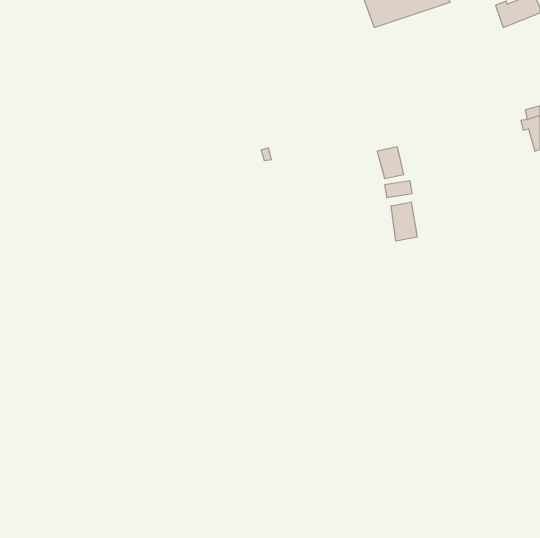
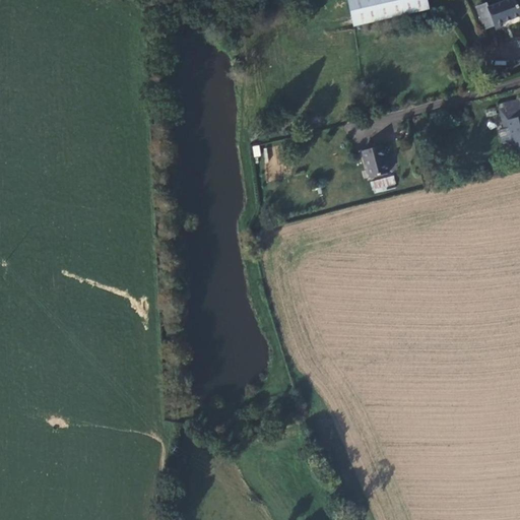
building: [391,202,417,241] -> none

